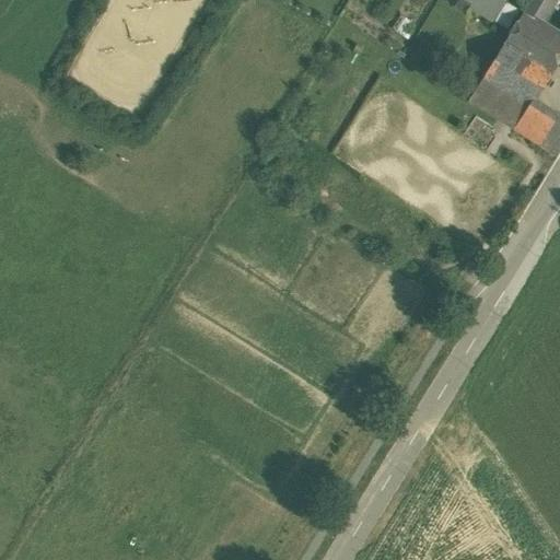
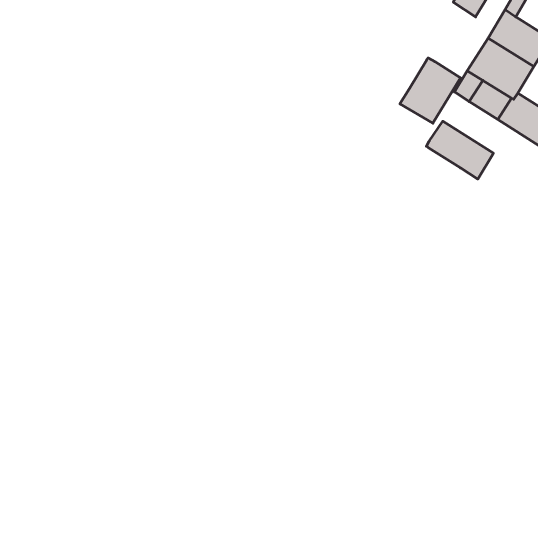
building: none -> [400,58,460,123]
building: none -> [426,121,493,179]

